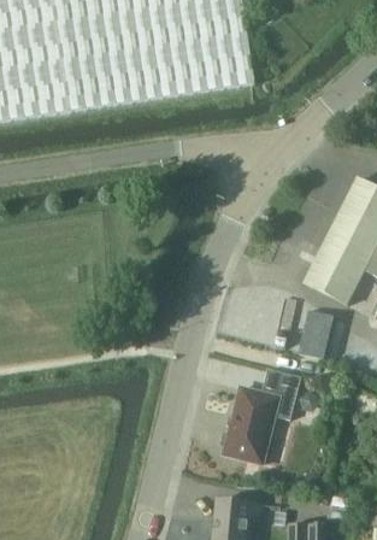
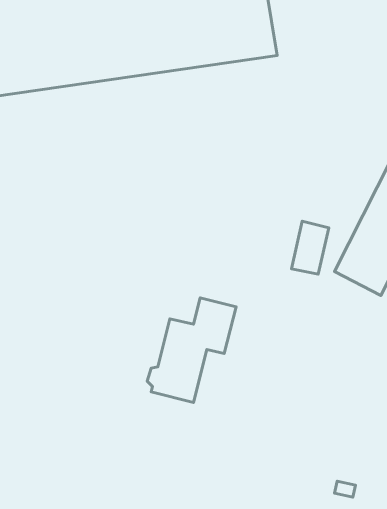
building: [300,310,334,358] -> [292,221,329,274]
building: [220,368,301,463] -> [147,298,236,402]

